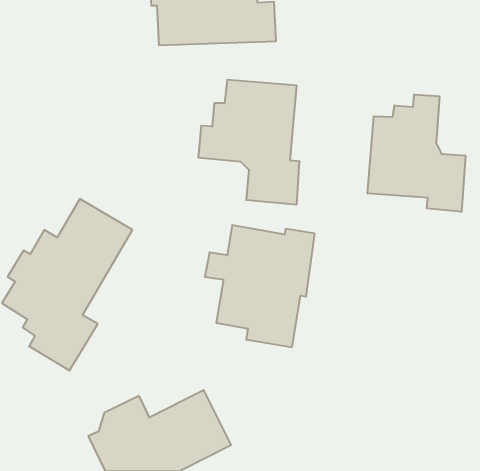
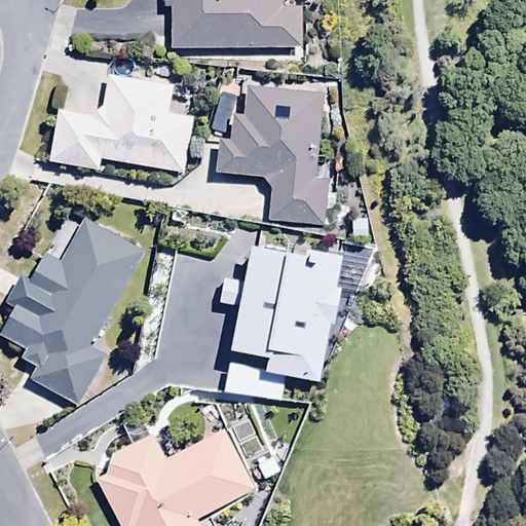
building: none -> [49,75,191,170]
building: [368,94,465,212] -> none

